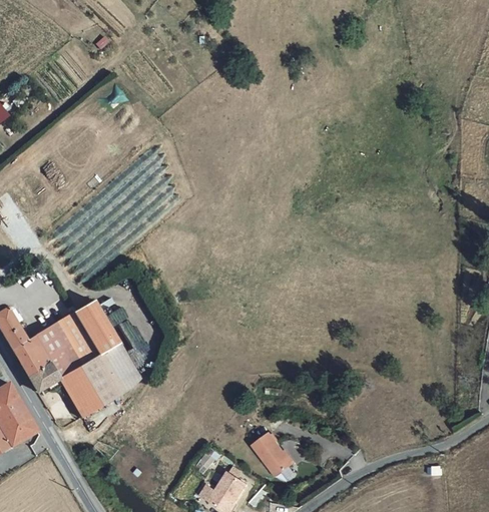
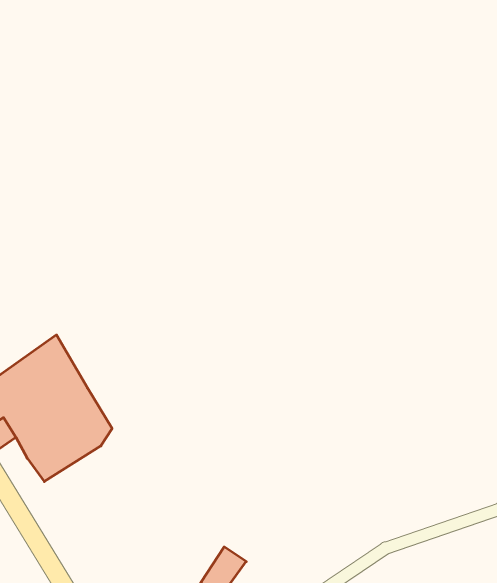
building: [253,428,294,471] -> none

